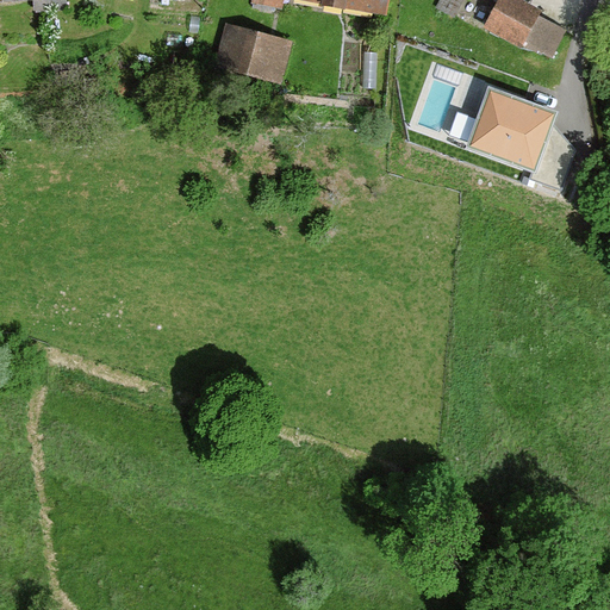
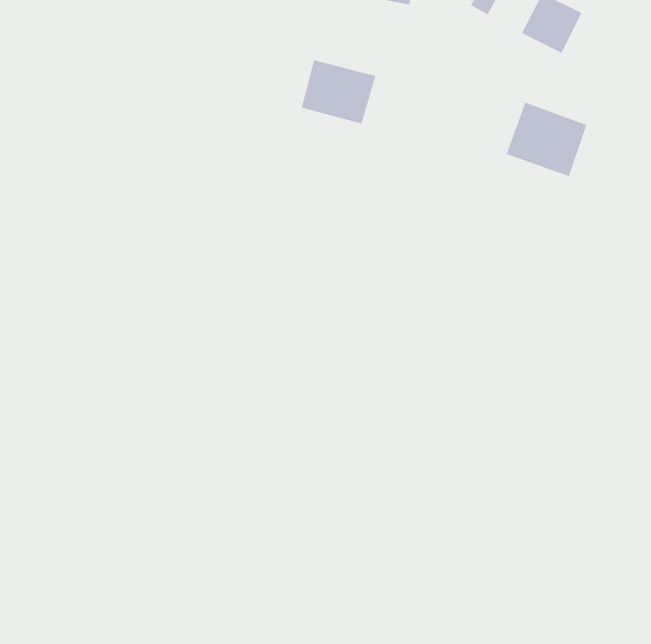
building: [217,18,287,79] -> [301,59,376,124]

